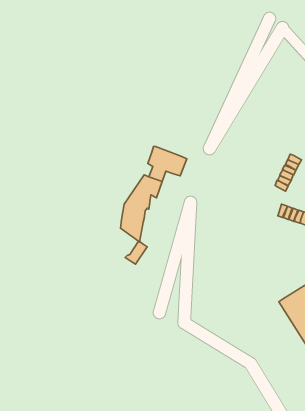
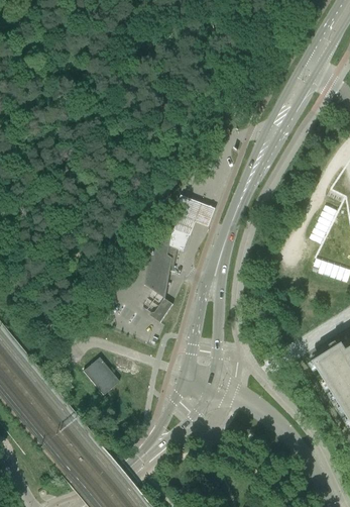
building: none -> [82,357,118,395]

